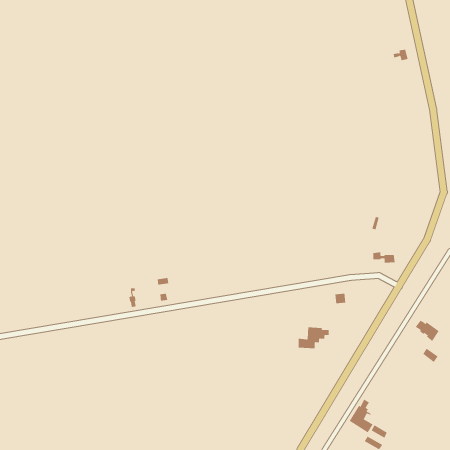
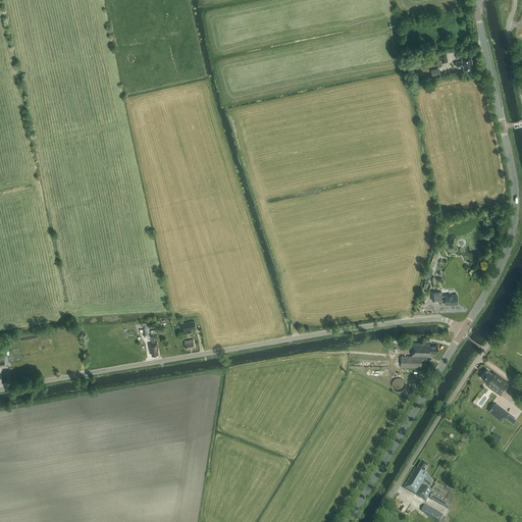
building: [298,327,330,349] -> [401,343,437,368]

